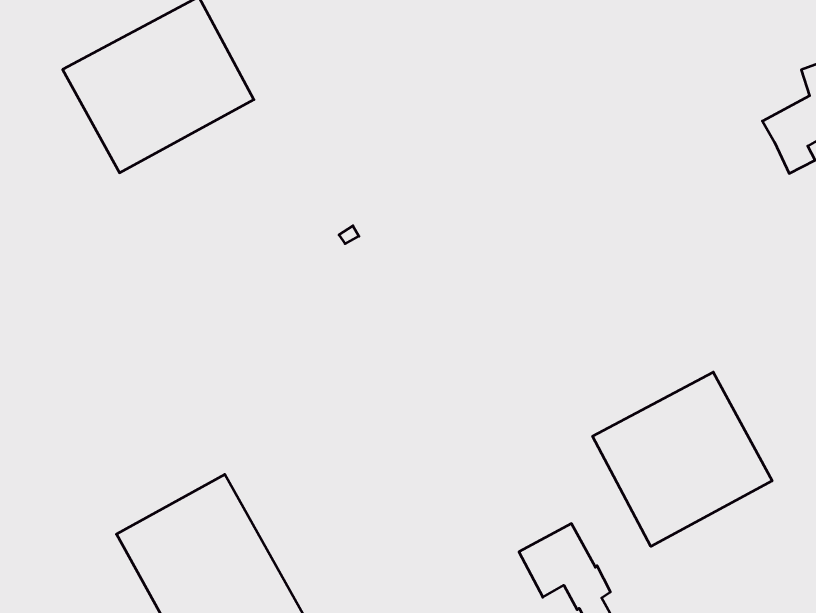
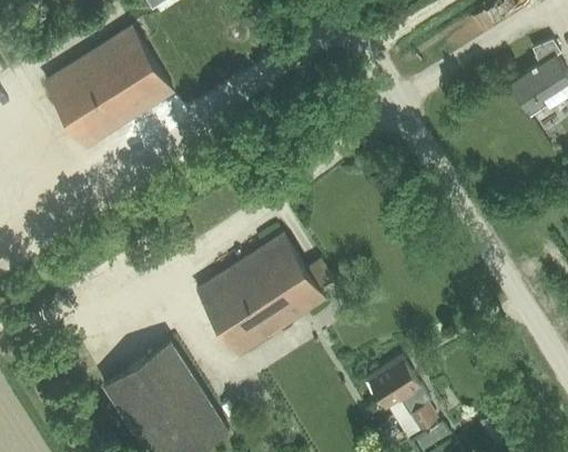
building: none -> [196,234,325,355]
building: [593,372,772,546] -> none

